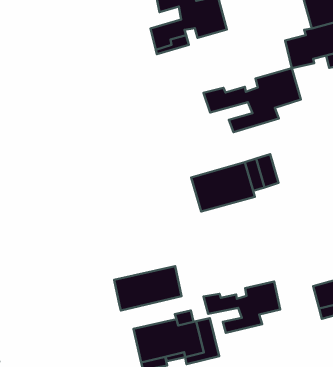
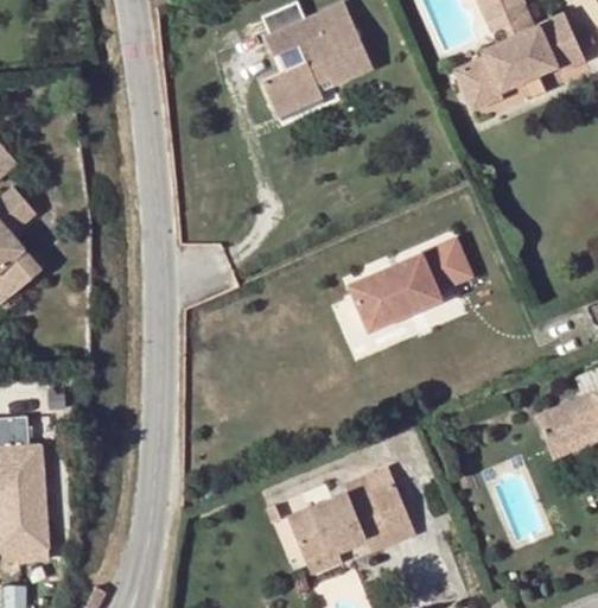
building: [204,68,301,132] -> none
building: [114,266,182,310] -> none
building: [204,282,280,333] -> none

